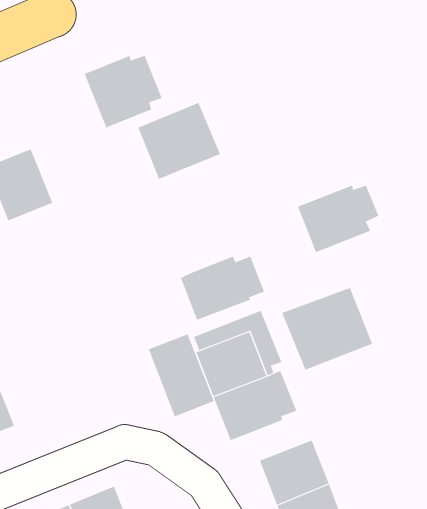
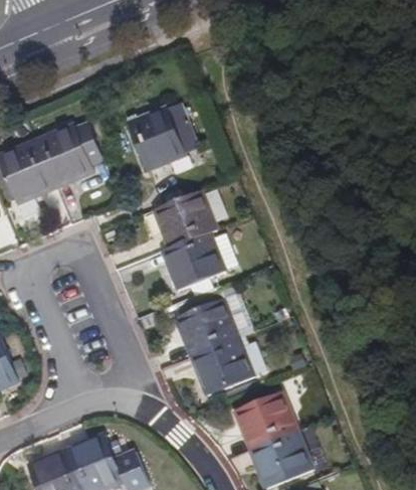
building: [84,55,162,128] -> [33,125,101,188]
building: [297,185,379,253] -> [155,190,226,250]
building: [282,287,373,370] -> none
building: [148,333,215,417] -> none

